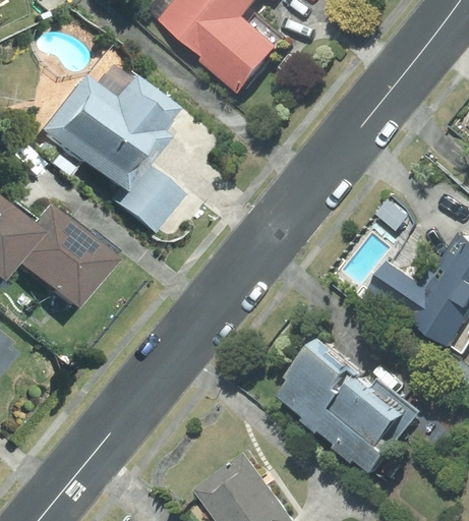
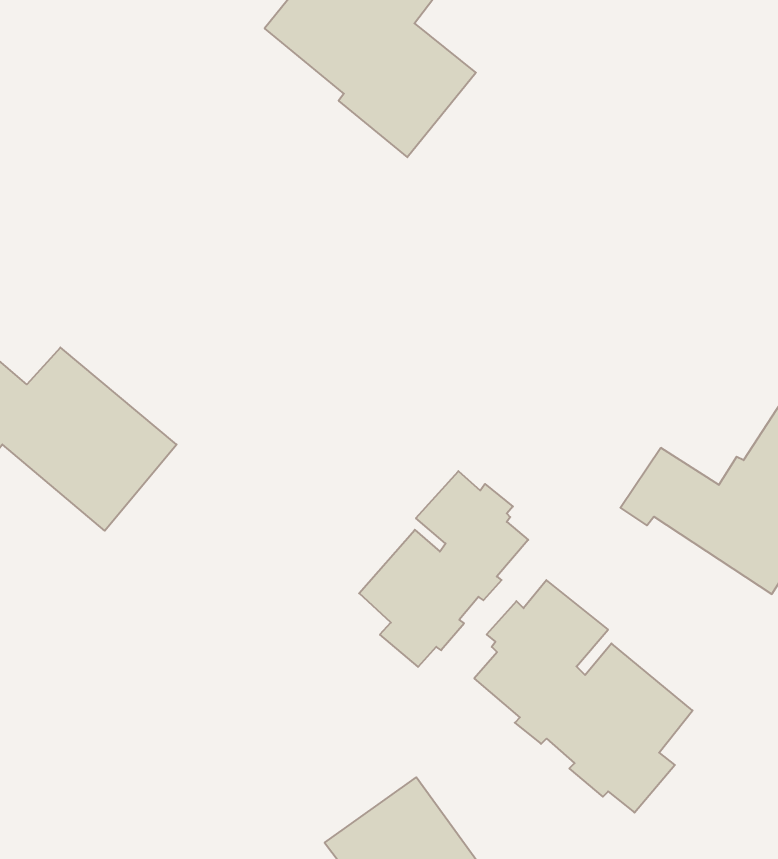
building: [37,74,181,234] -> none
building: none -> [359,471,528,667]

